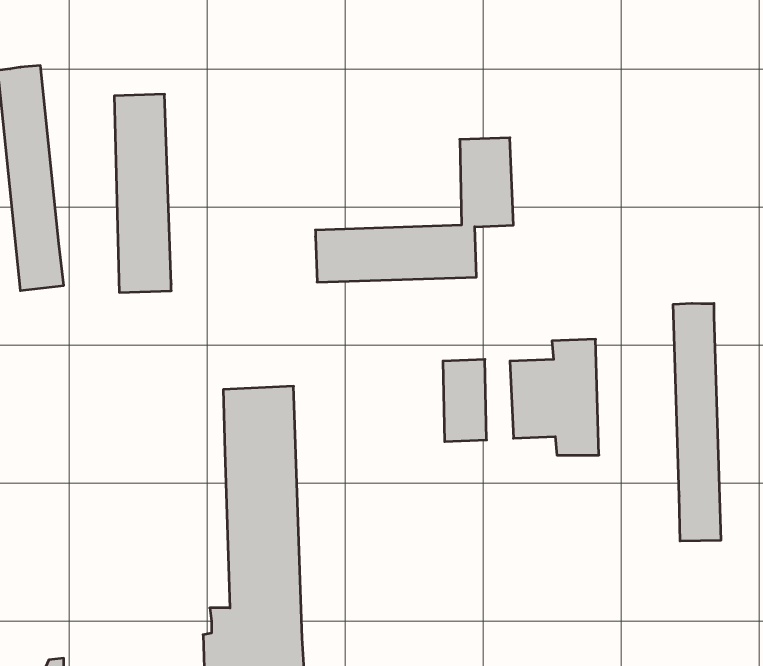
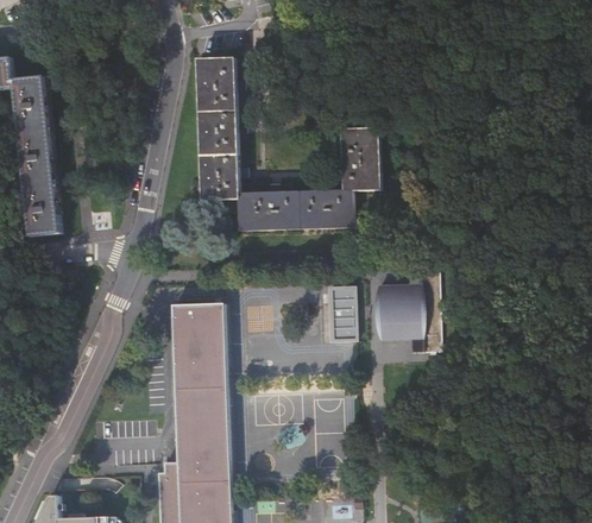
building: [114,94,171,292] -> [197,58,238,199]
building: [673,303,721,541] -> none

